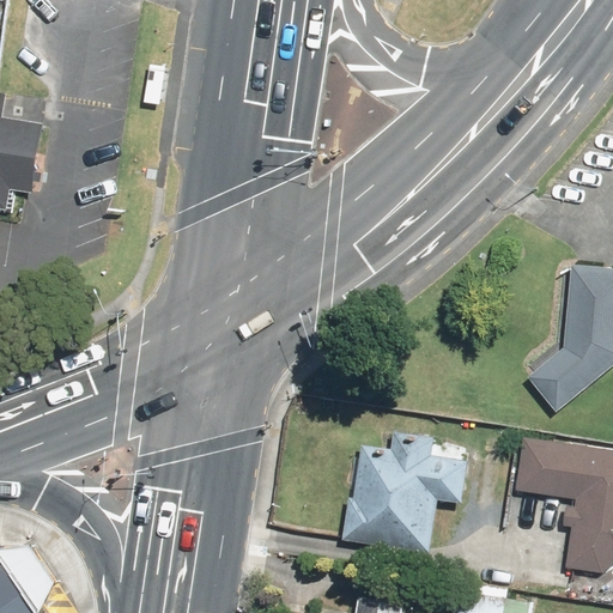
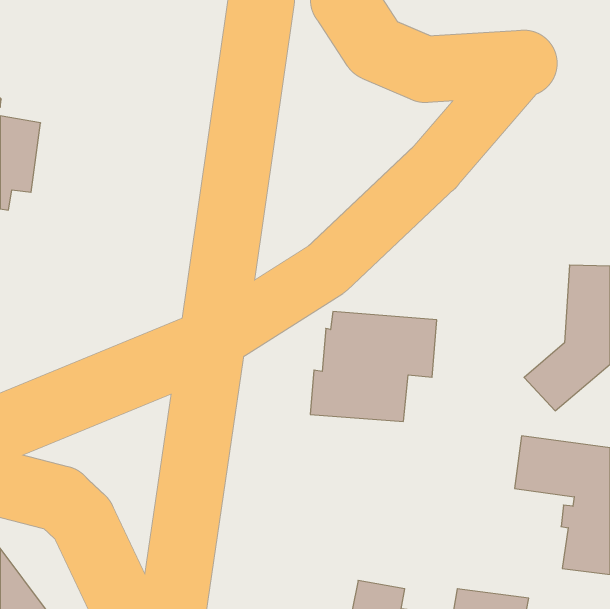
building: [340,438,467,548] -> [310,312,437,421]

